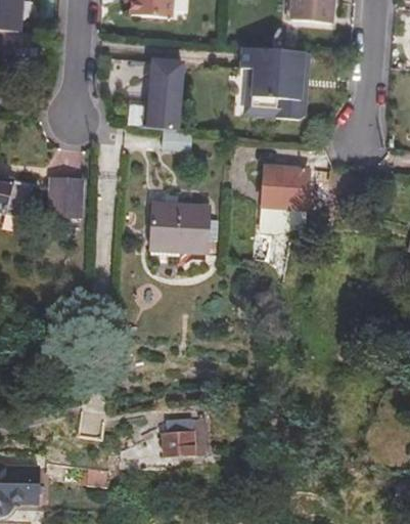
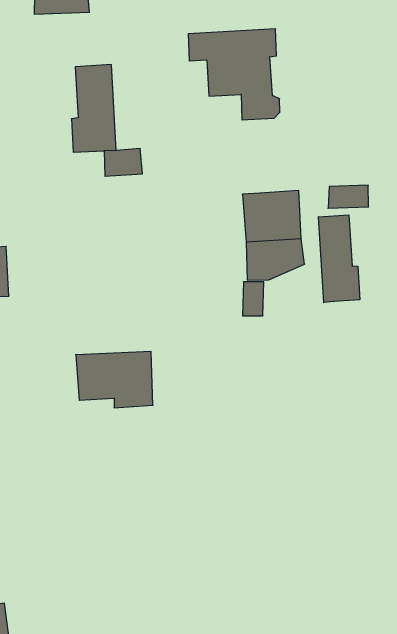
building: none -> [319,215,360,303]
building: [150,205,210,251] -> [76,351,153,408]
building: [160,423,191,450] -> none

